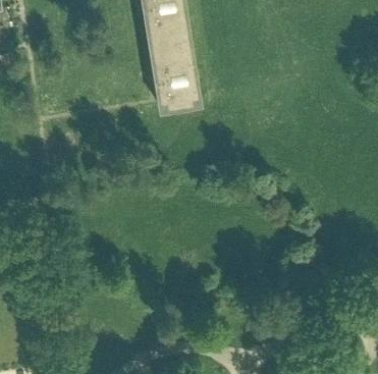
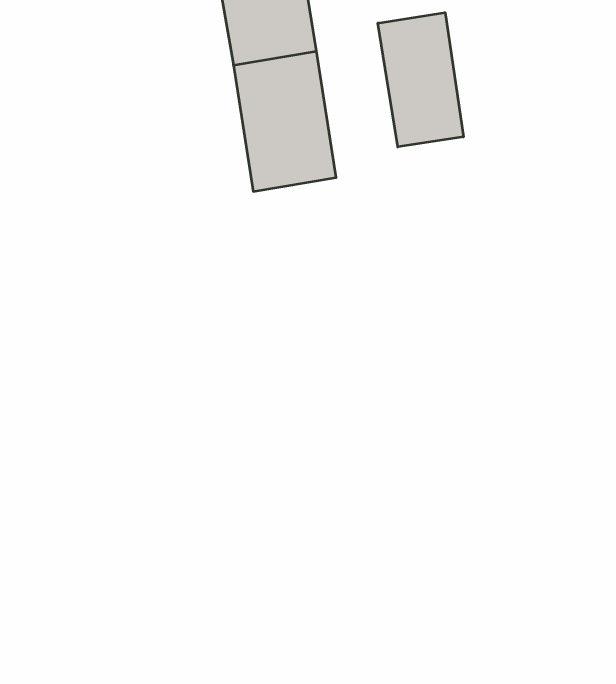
building: none -> [378,13,463,147]

